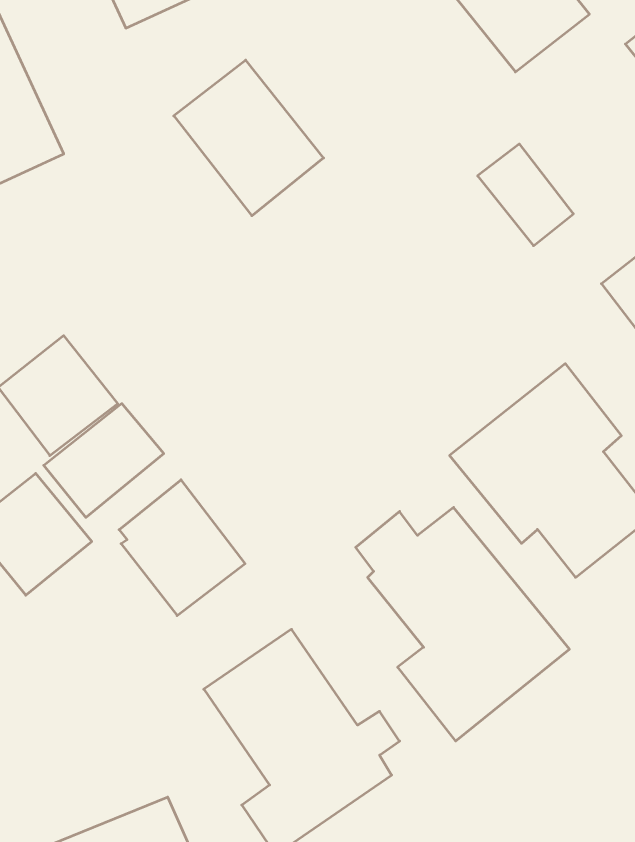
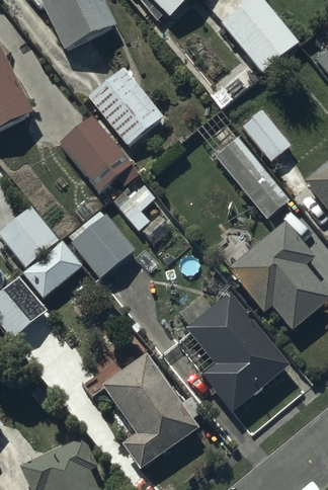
building: none -> [60,114,139,190]
building: none -> [215,135,290,218]
building: [119,480,245,616] -> [70,209,134,277]

